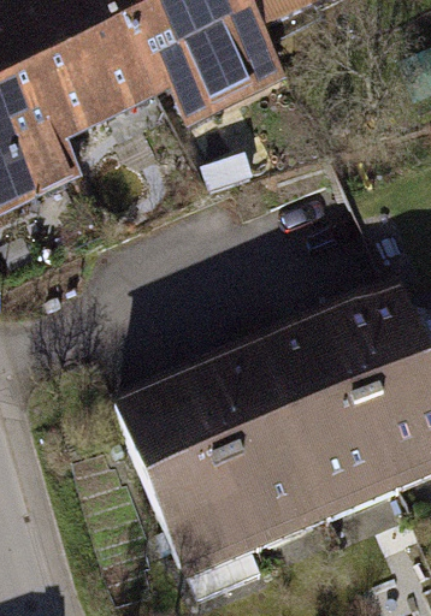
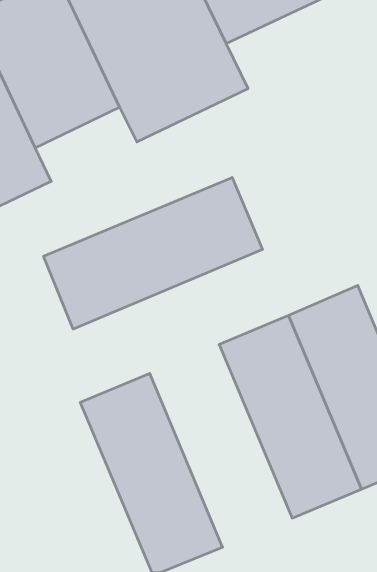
building: none -> [44,177,262,329]
building: [187,359,335,569] -> none

